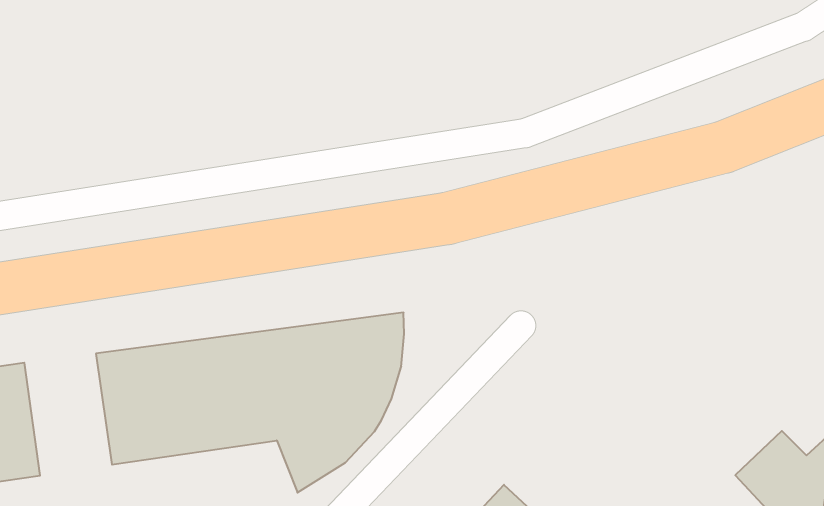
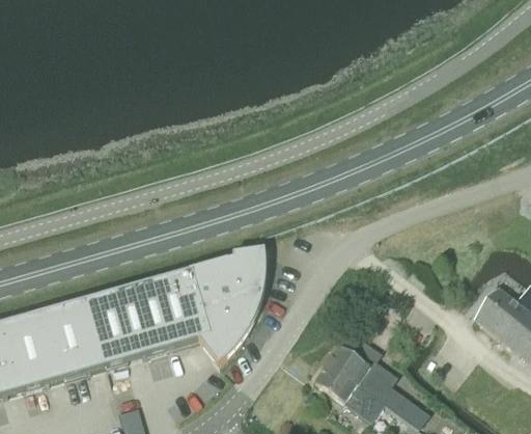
building: none -> [45,298,105,375]

